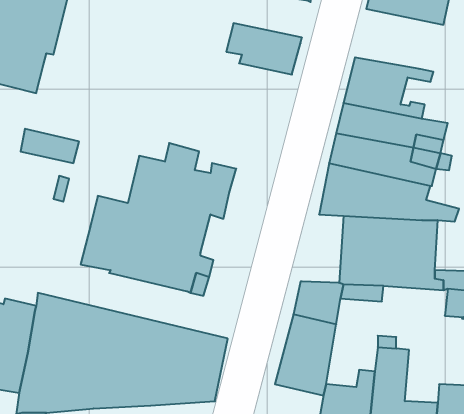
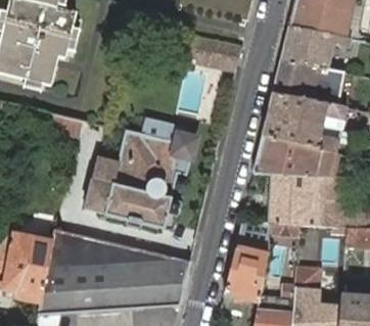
building: none -> [281,26,351,68]

